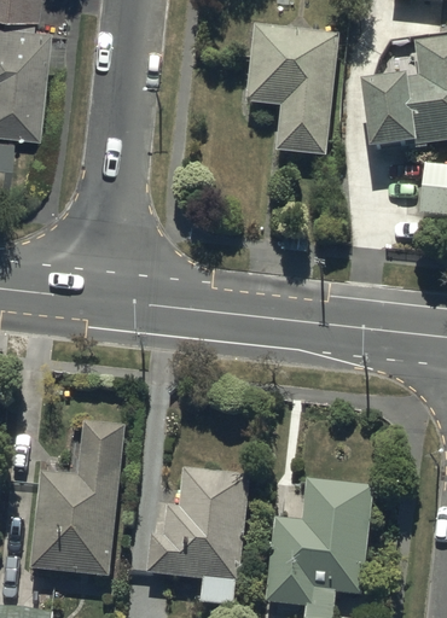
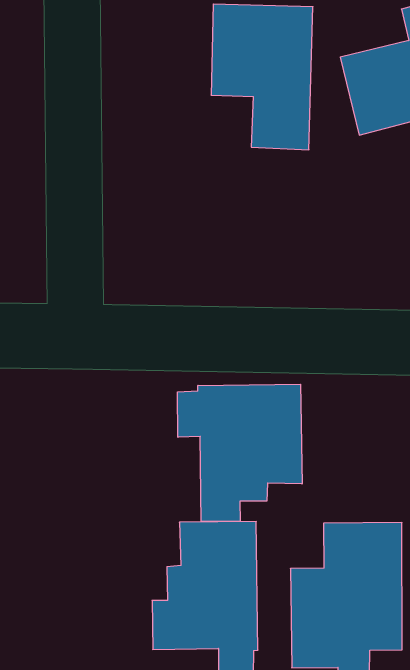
building: none -> [178,384,302,522]
building: [33,420,124,576] -> none

